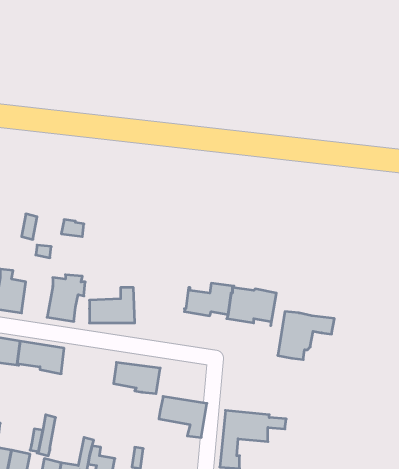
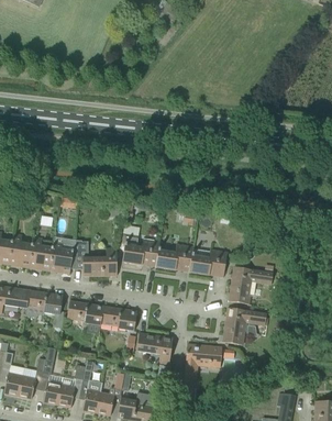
building: none -> [121,233,159,264]
building: none -> [29,236,53,270]
building: none -> [66,300,102,325]
building: none -> [222,307,265,344]

